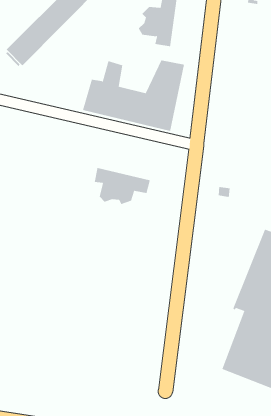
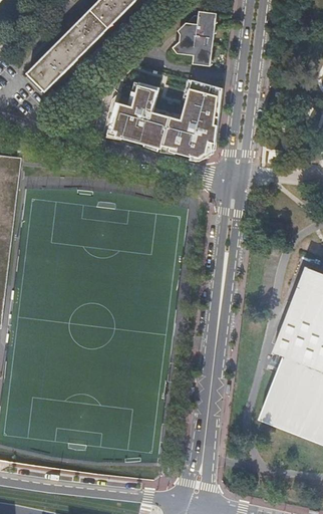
building: [94,167,150,205] -> none

